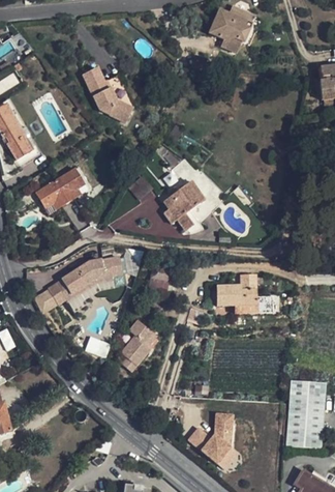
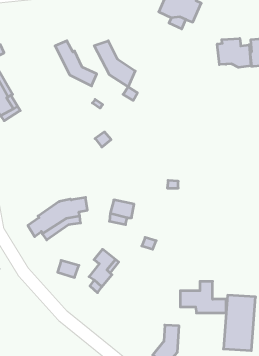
building: none -> [217,38,251,67]
building: none -> [94,41,135,87]
building: [34,167,85,207] -> none
building: [163,181,204,233] -> none
building: [216,273,272,312] -> [180,281,226,313]

